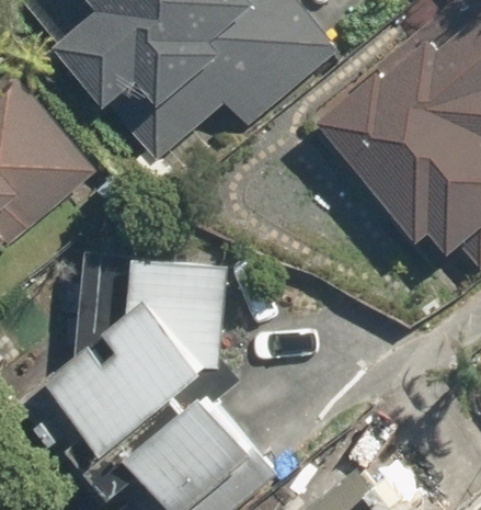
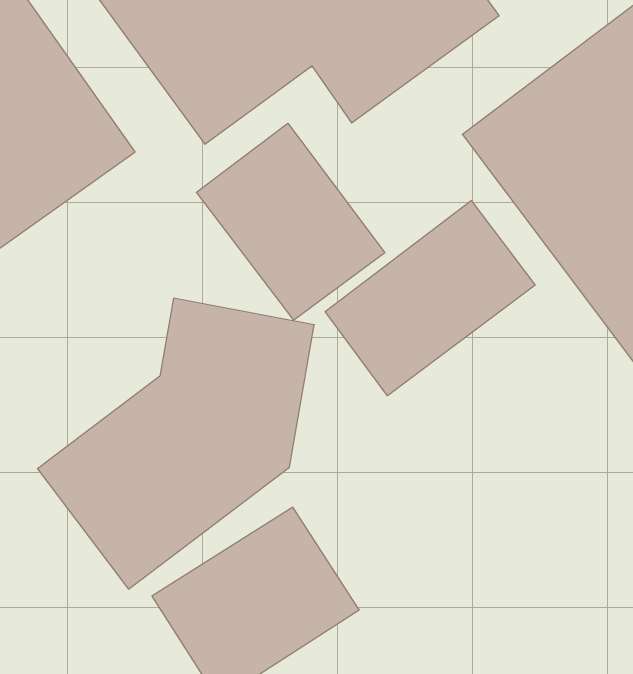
building: none -> [196,123,385,320]
building: none -> [325,201,535,396]

